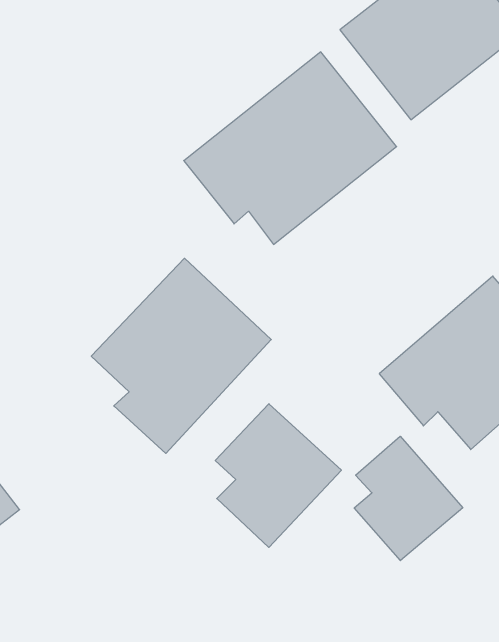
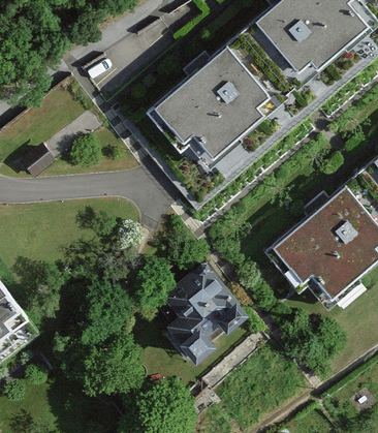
building: [91,258,271,453] -> none
building: [354,436,463,561] -> none

